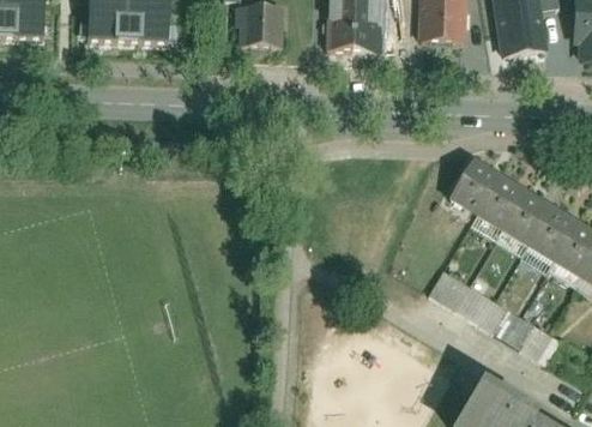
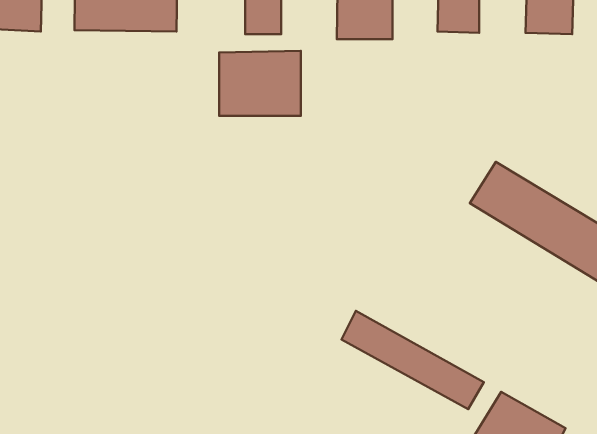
building: none -> [219,51,301,116]
building: [429,272,561,363] -> [341,311,484,409]

